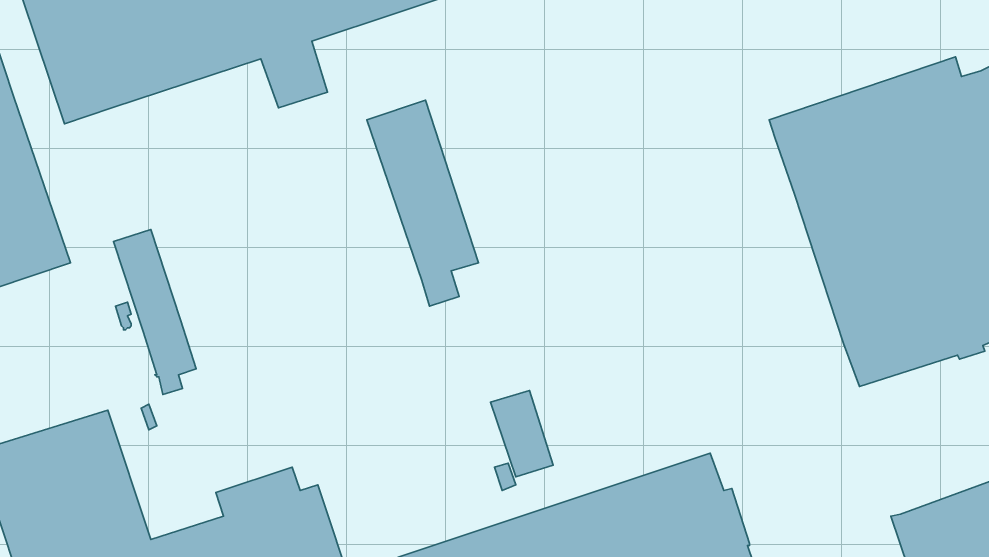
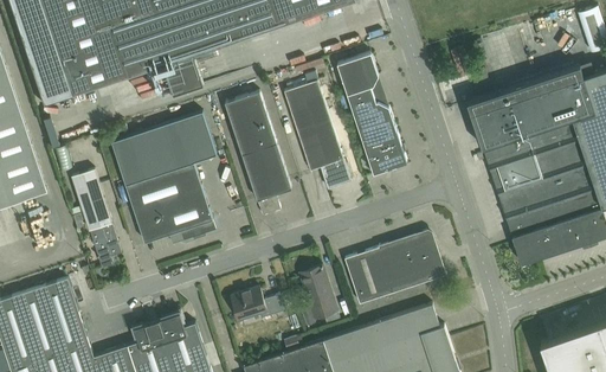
building: none -> [336,53,406,174]
building: none -> [283,79,350,190]
building: none -> [111,113,215,244]
building: none -> [343,232,445,304]
building: none -> [231,287,286,319]

